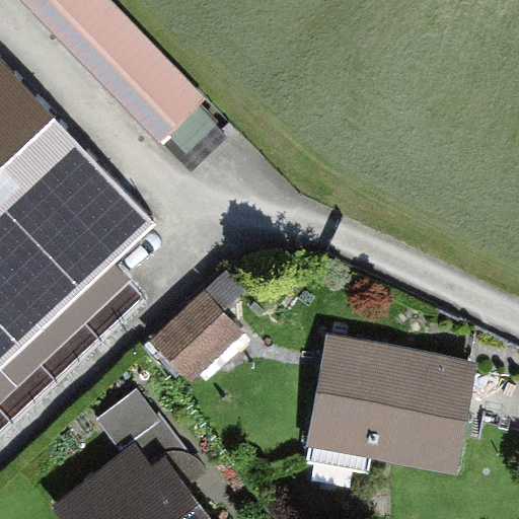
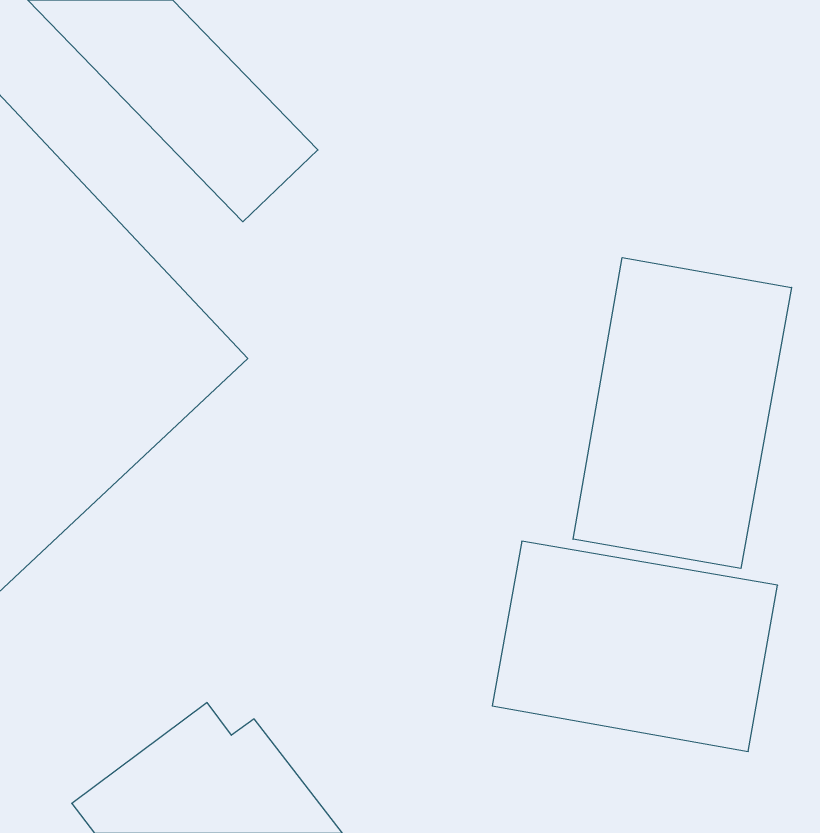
building: none -> [573,258,792,568]
building: [147,280,249,383] -> none

